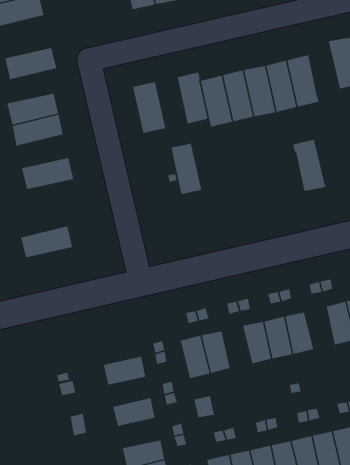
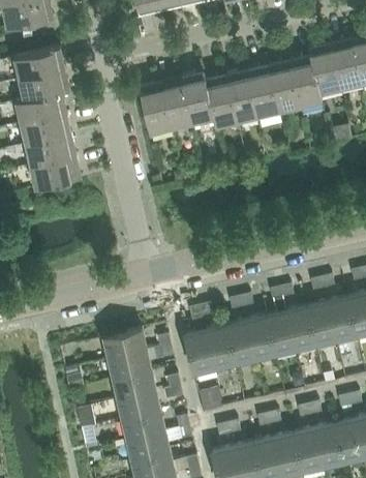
building: none -> [18,70,69,102]
building: [292,139,326,192] -> [307,43,340,95]
building: [170,143,202,195] -> [160,79,191,129]
building: [20,225,73,258] -> [24,136,75,168]
building: none -> [306,303,335,346]
building: none -> [225,322,254,364]
building: none -> [103,331,147,360]
building: none -> [114,372,156,401]
building: none -> [123,413,165,442]

